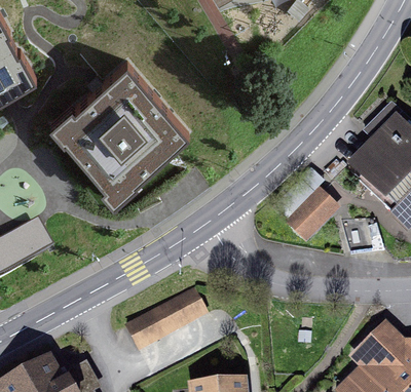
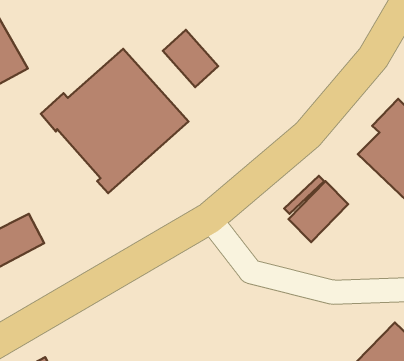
building: none -> [163,30,218,87]
building: [125,290,203,347] -> none

